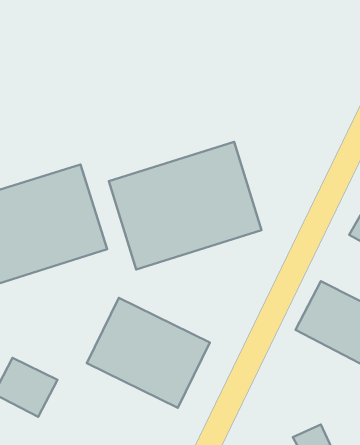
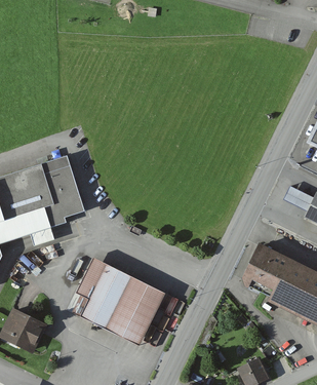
building: [109,142,262,270] -> none

